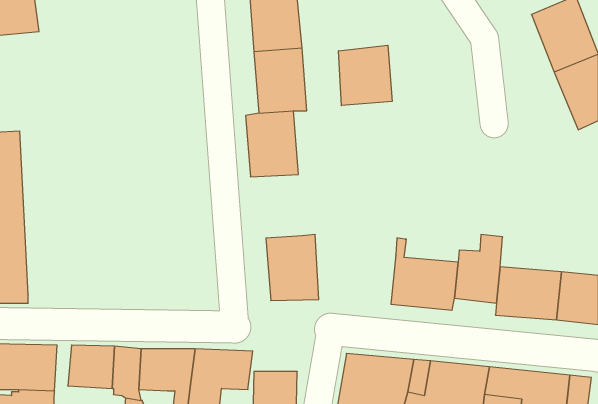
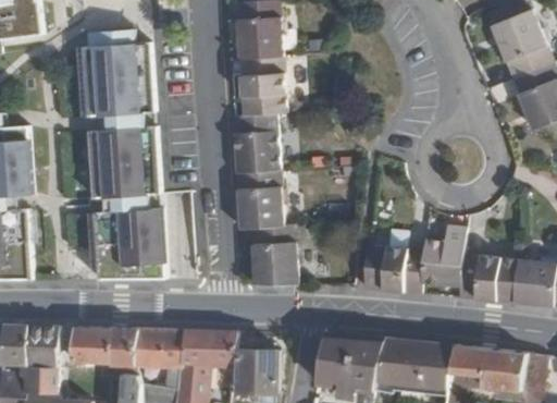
building: none -> [95,33,166,284]
building: [339,45,392,106] -> none
building: none -> [235,170,282,228]

